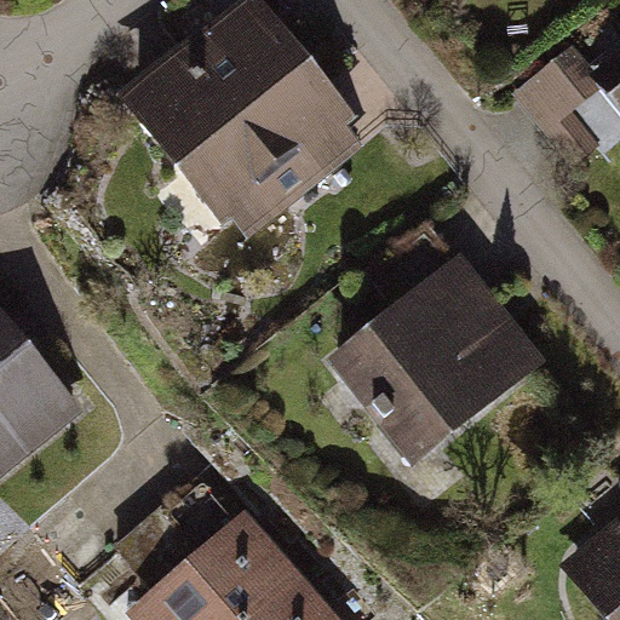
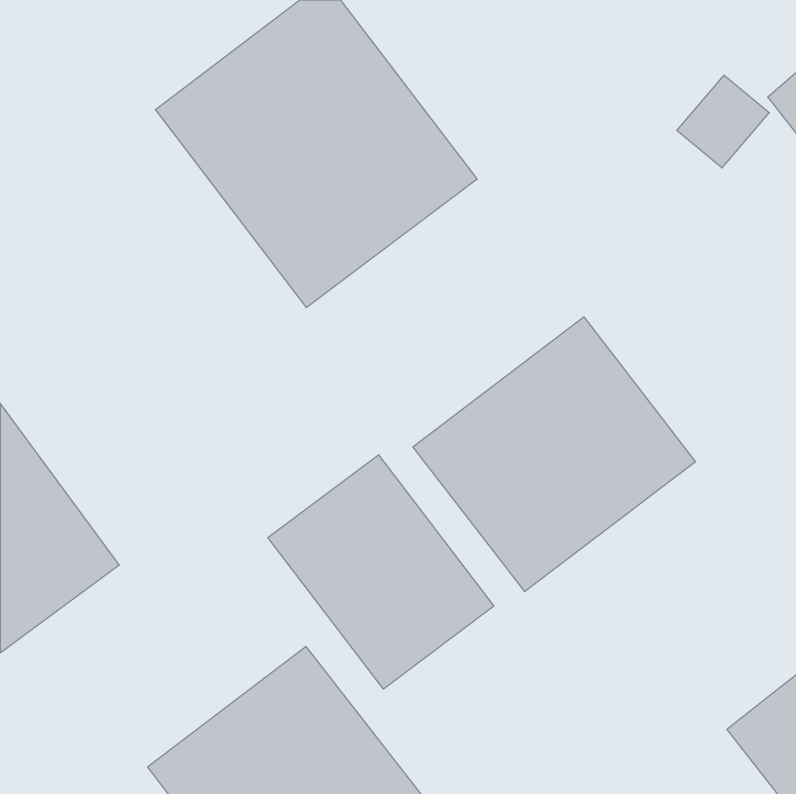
building: none -> [268,455,494,689]

